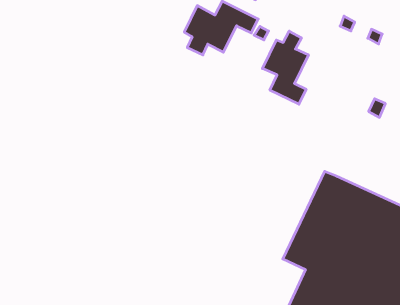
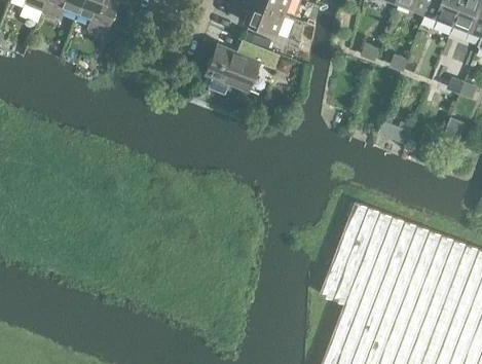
building: [262,31,308,104] -> none

